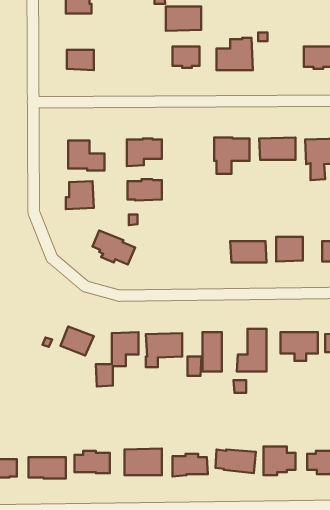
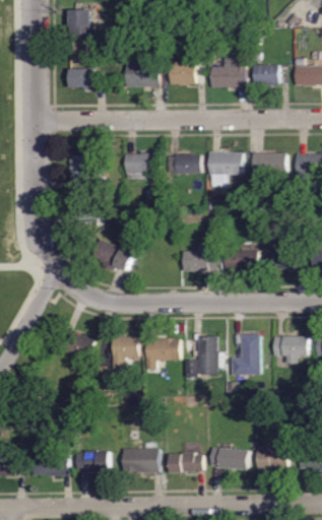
building: [166,6,201,31] -> [126,63,159,86]
building: none -> [253,64,279,85]
building: [128,179,162,201] -> [169,153,201,174]
building: none -> [183,242,217,270]

